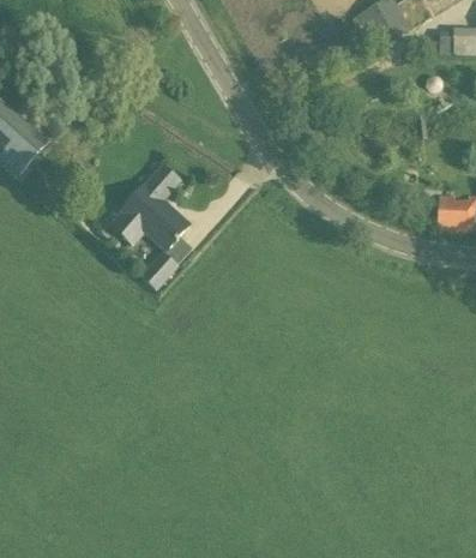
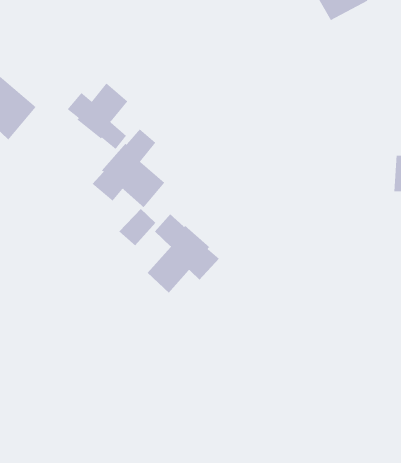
building: none -> [67,82,128,150]
building: none -> [147,214,220,294]

